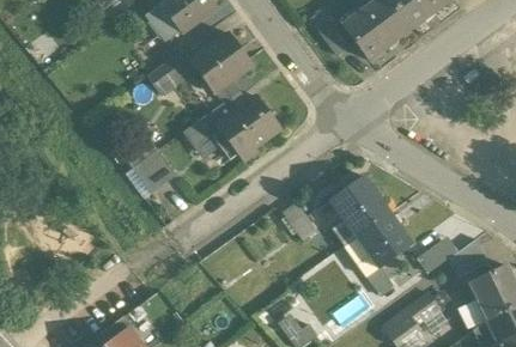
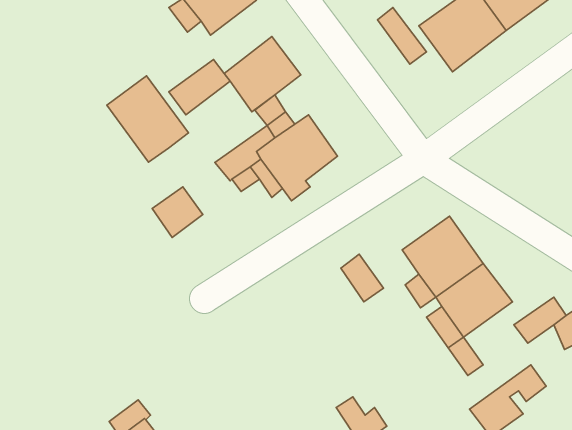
building: none -> [107,76,188,162]

